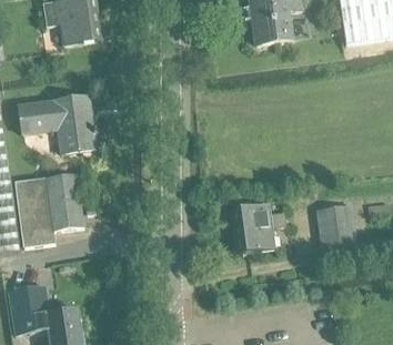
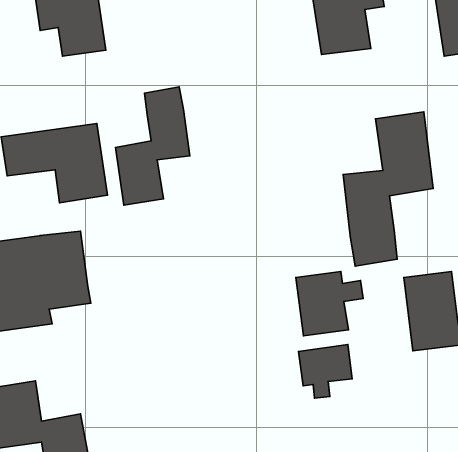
building: none -> [116,87,190,205]
building: none -> [343,112,433,266]
building: none -> [298,345,352,398]

